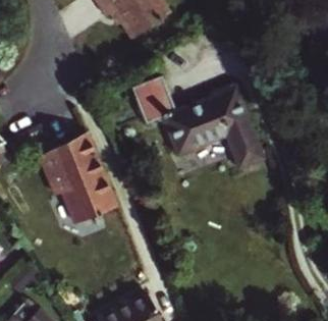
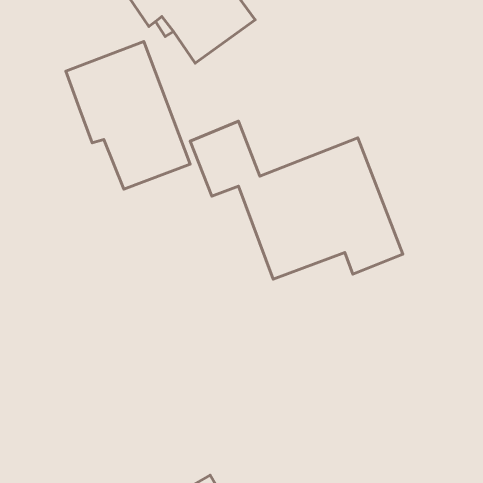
building: [40,130,116,221] -> [66,41,190,189]

